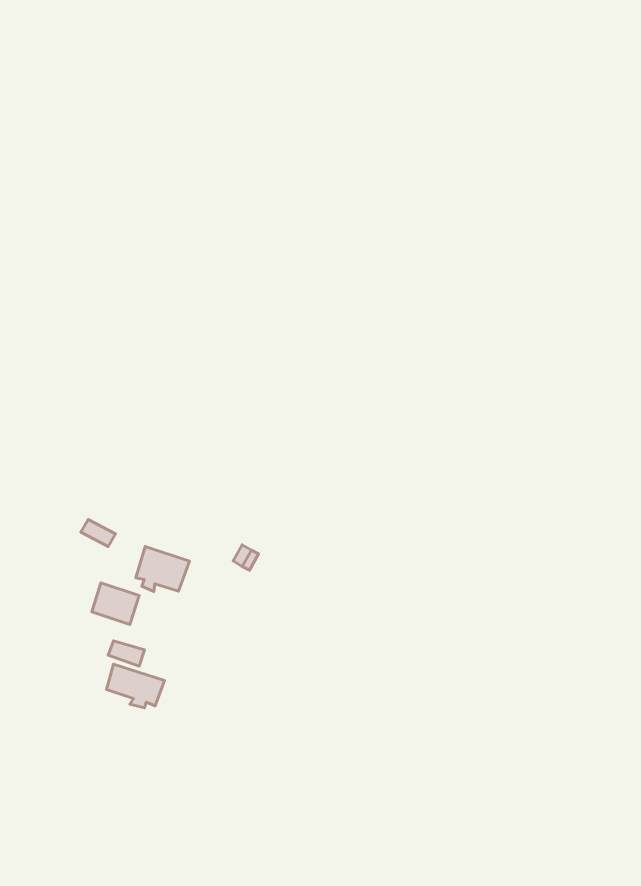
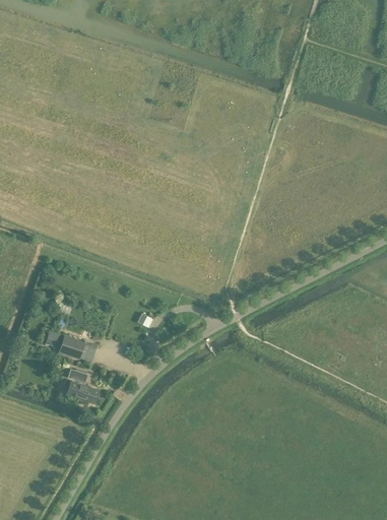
building: [136,547,189,591] -> none

